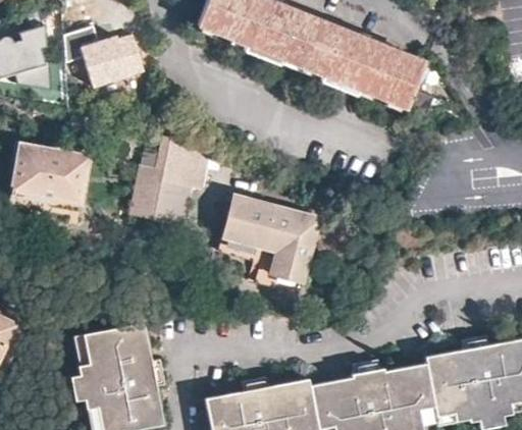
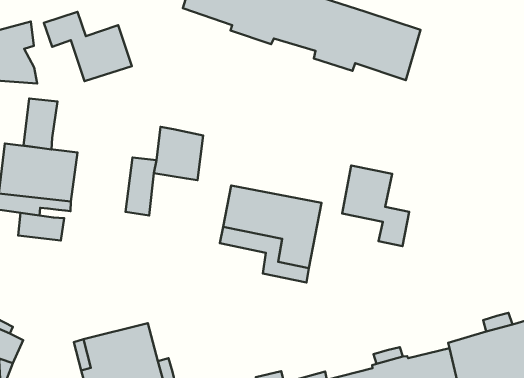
building: none -> [23,99,57,149]
building: [152,179,190,225] -> none
building: none -> [342,166,409,246]
building: none -> [18,213,64,241]

